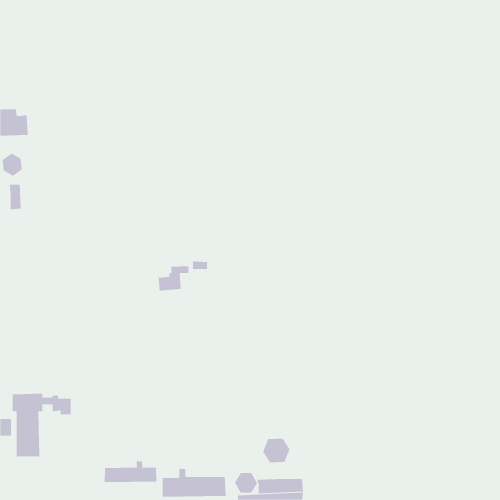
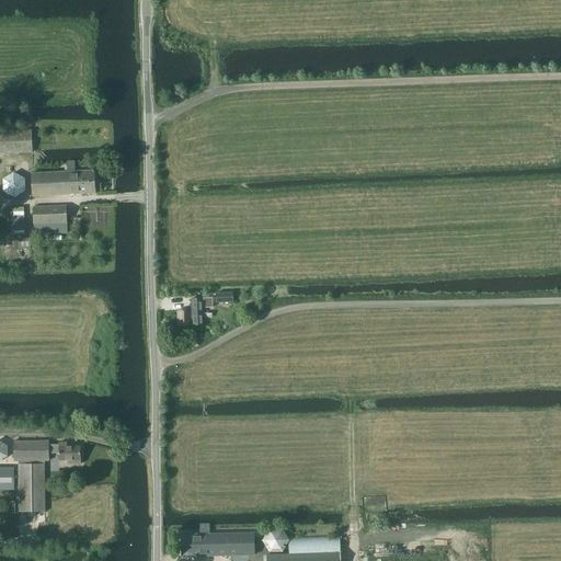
building: none -> [31,161,94,195]
building: none -> [32,205,66,233]
building: [262,438,290,463] -> none
building: [104,460,157,483] -> none

